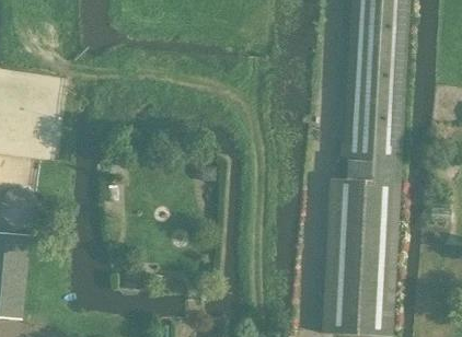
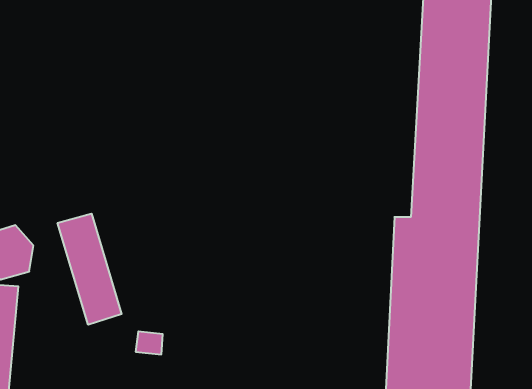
building: none -> [58,214,122,325]

